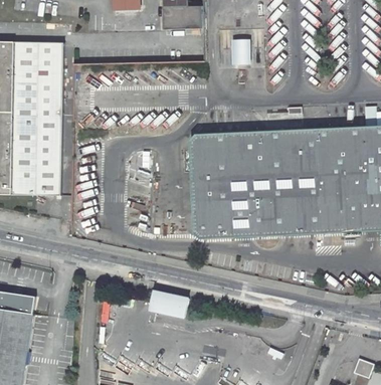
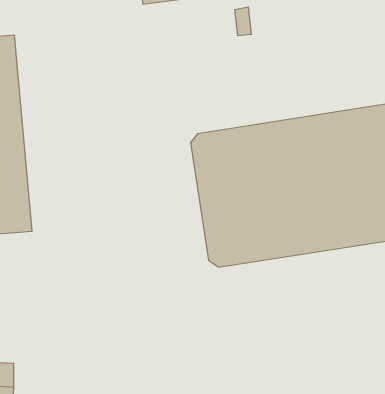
building: [147,290,186,316] -> none

